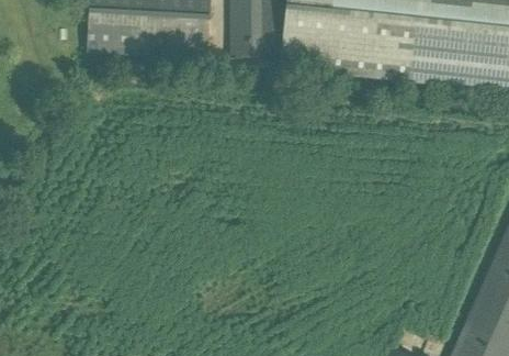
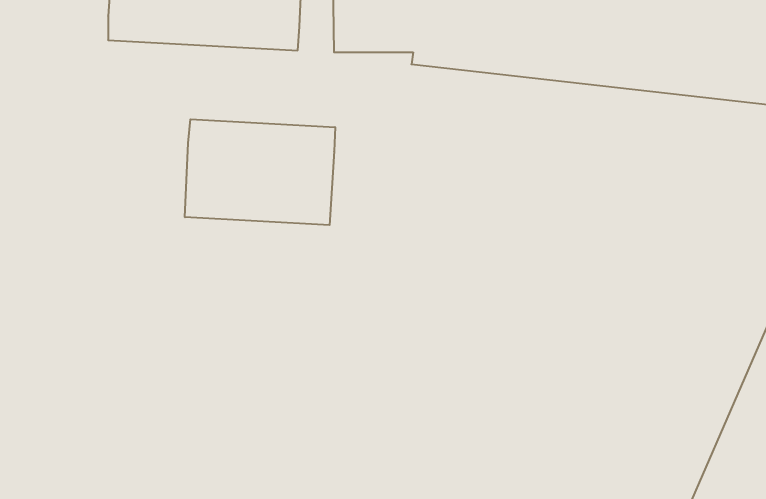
building: none -> [185,119,335,225]

